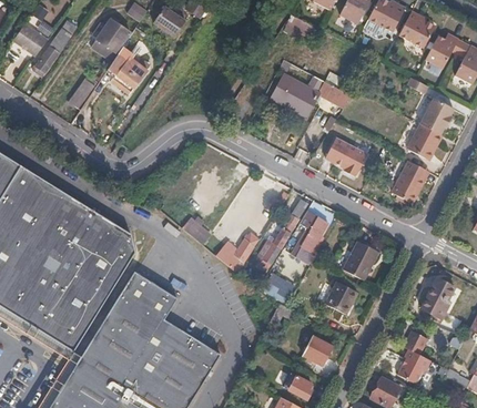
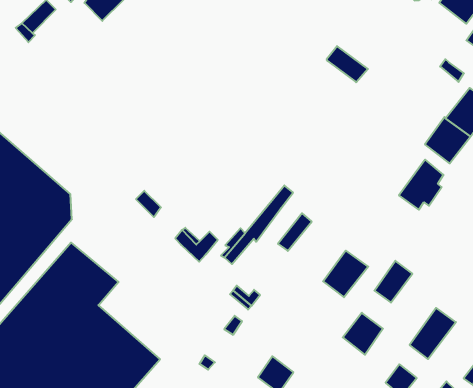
building: [272,75,317,115] -> none
building: [324,136,366,175] -> none
building: none -> [374,261,412,303]
building: [323,283,354,316] -> [343,313,383,355]

